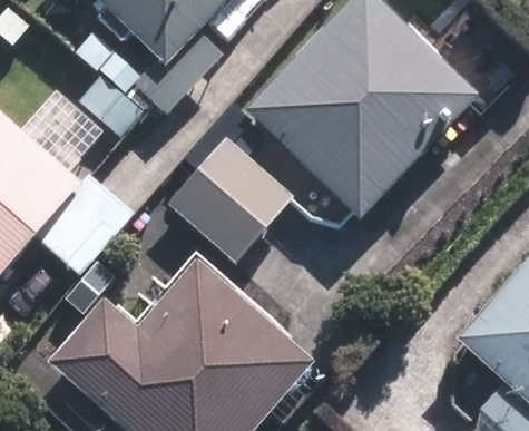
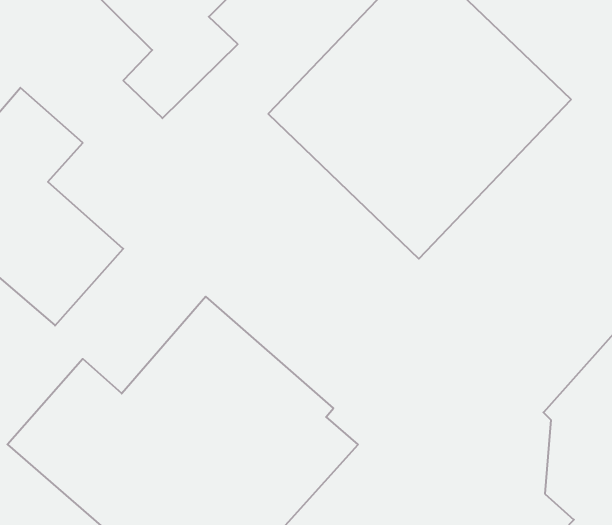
building: [168,138,294,264] -> none

